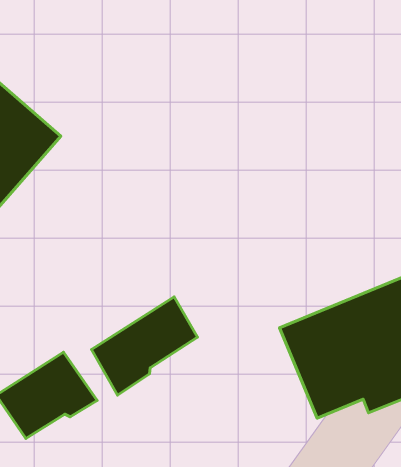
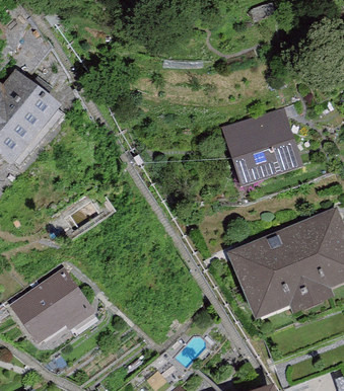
building: none -> [220,105,303,188]
building: [91,297,197,395] -> none

